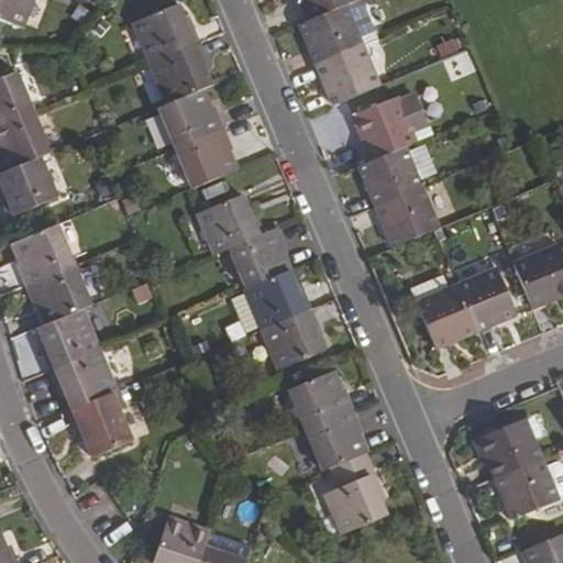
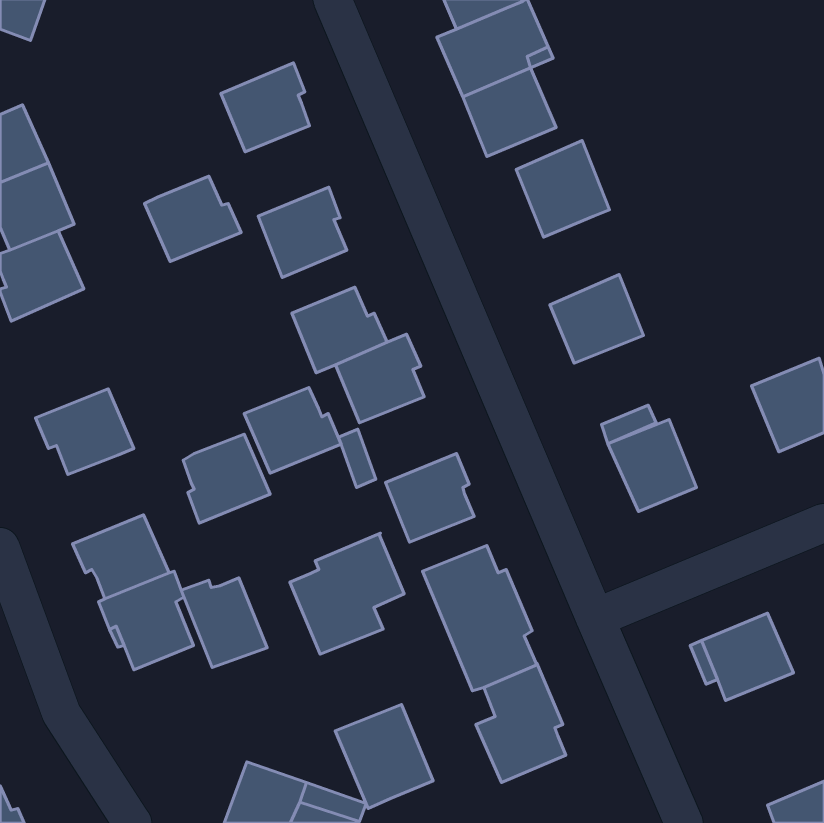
building: [133,4,200,64] -> none
building: [158,89,224,147] -> [144,176,241,262]
building: [357,147,422,208] -> none
building: [12,224,74,285] -> none
building: [456,268,516,332] -> none
building: [245,271,311,329] -> [244,388,341,473]
building: [38,310,98,371] -> [183,434,270,523]
building: none -> [290,533,404,654]
building: none -> [181,578,267,668]
building: [495,459,558,520] -> none
building: none -> [335,704,433,809]

